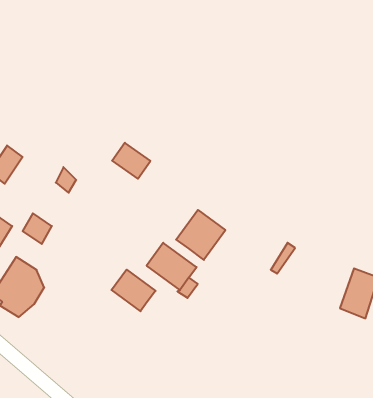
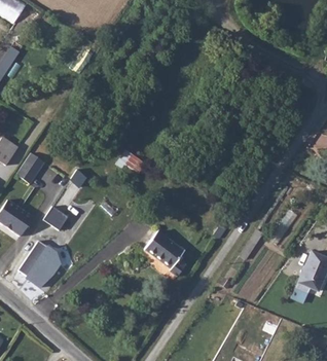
building: [176,210,225,260] -> none
building: [111,270,156,311] -> none

